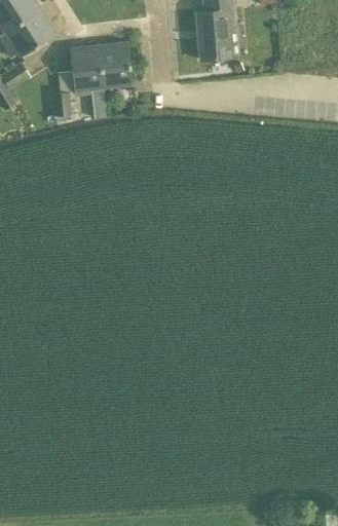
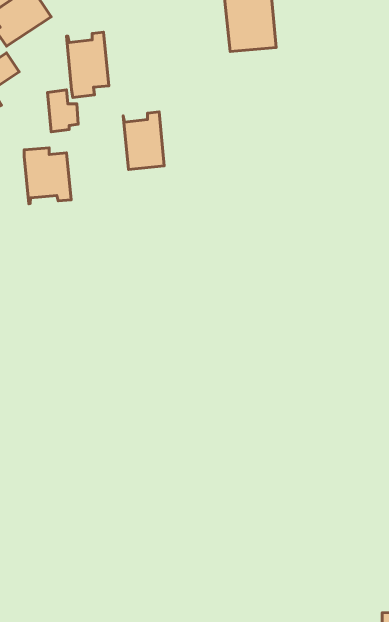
building: [97,37,129,83] -> [123,112,164,170]
building: none -> [24,148,71,204]

